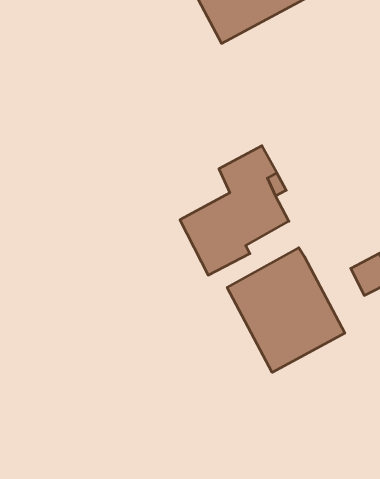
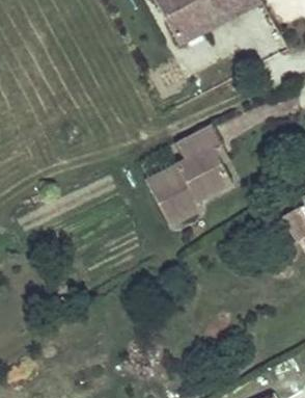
building: [227,248,345,372] -> none

